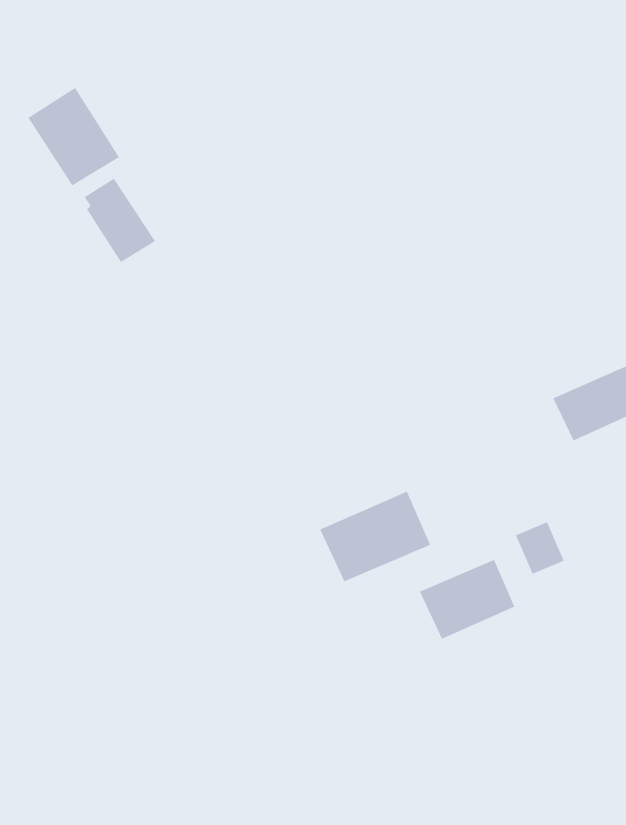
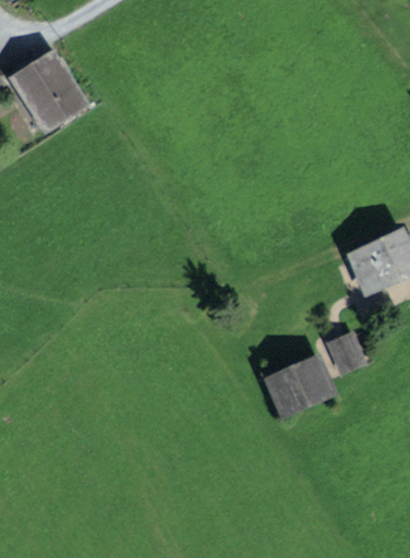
building: [84,178,156,263] -> none
building: [319,491,431,582] -> none

